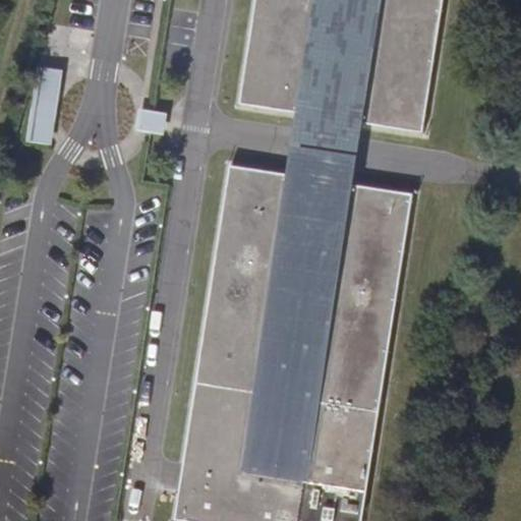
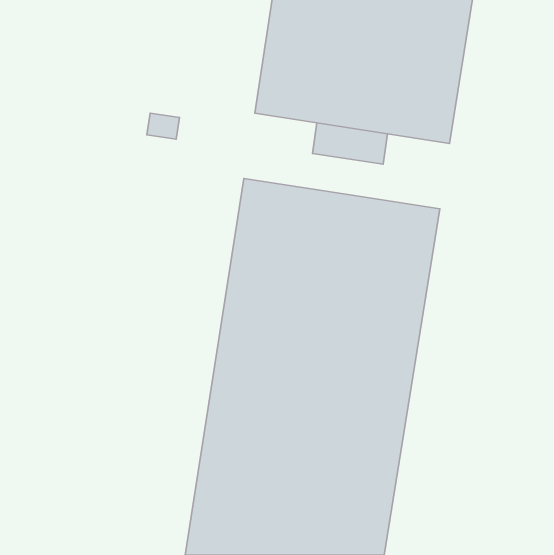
building: [32,63,62,141] -> none
building: [287,149,357,186] -> none

